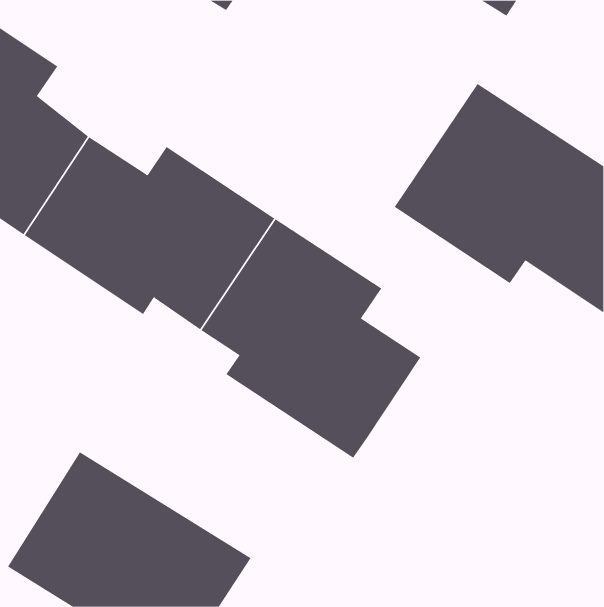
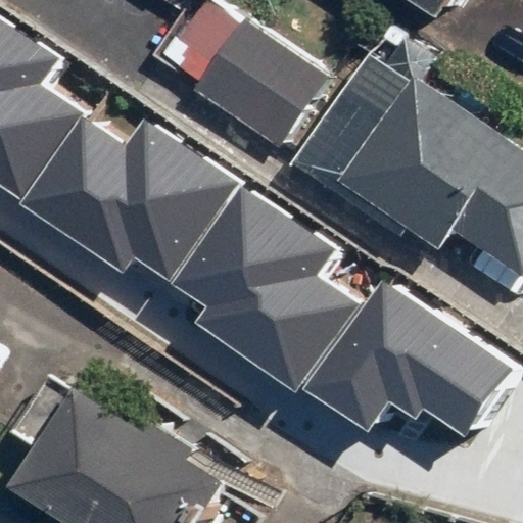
building: none -> [210,14,342,141]
building: none -> [307,282,507,435]

